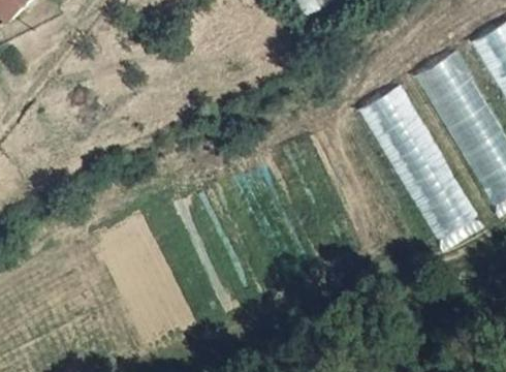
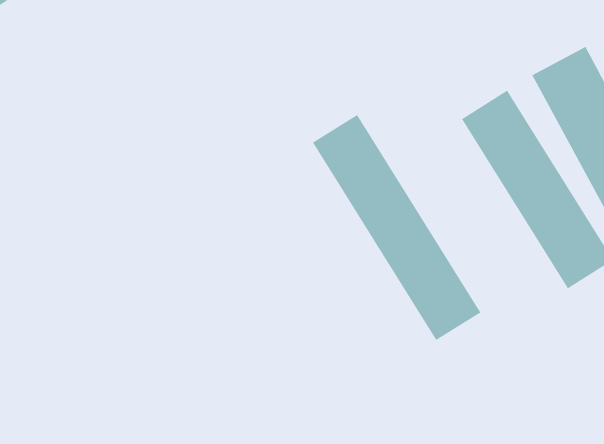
building: none -> [312,114,481,341]

